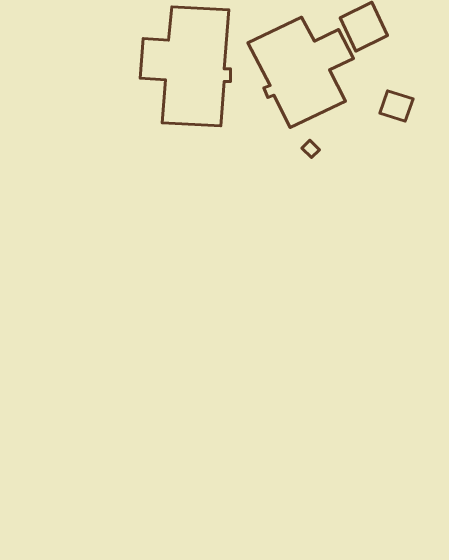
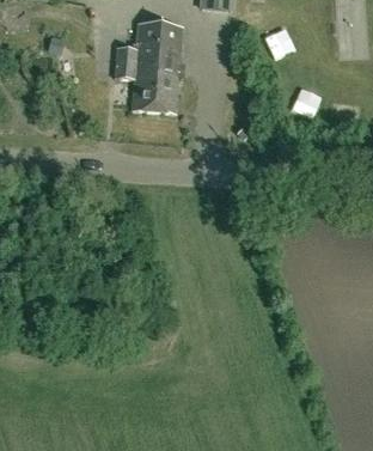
building: [248,17,353,128] -> none

